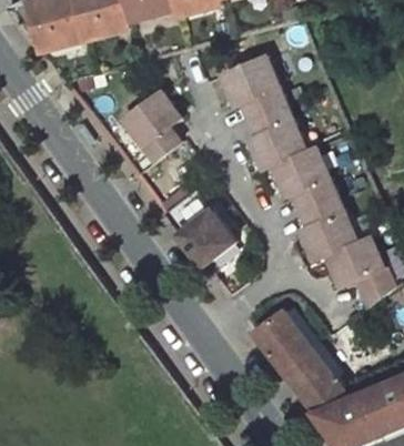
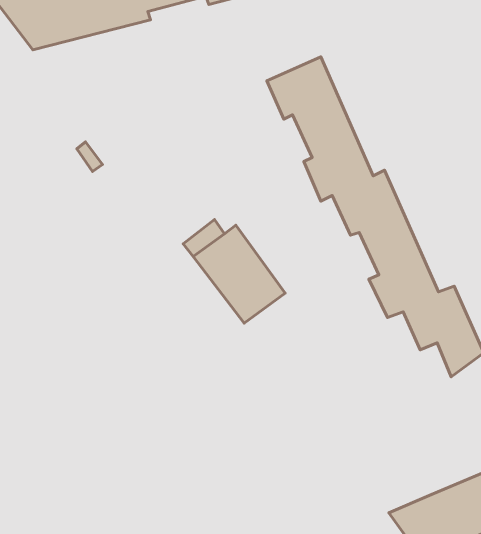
building: [122,91,180,162] -> none
building: [250,311,351,414] -> none

